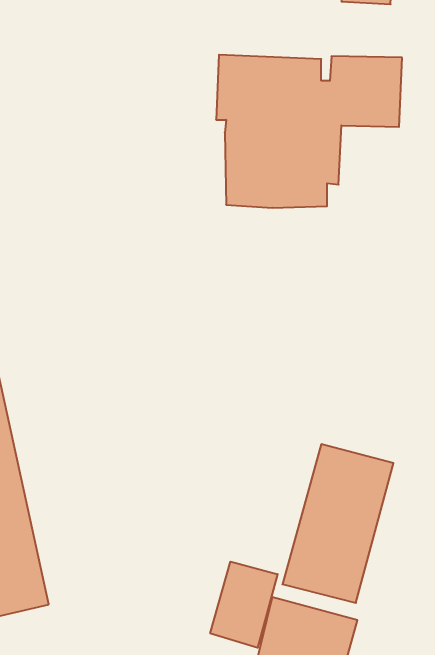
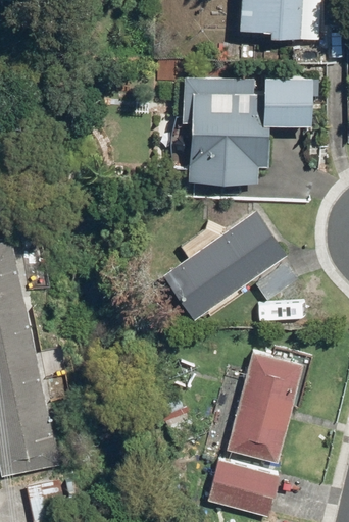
building: none -> [161,209,288,320]
building: [210,562,278,648] -> none

